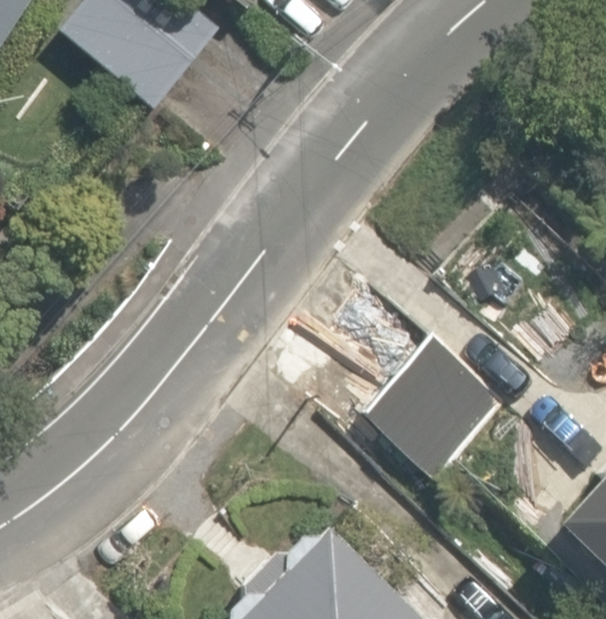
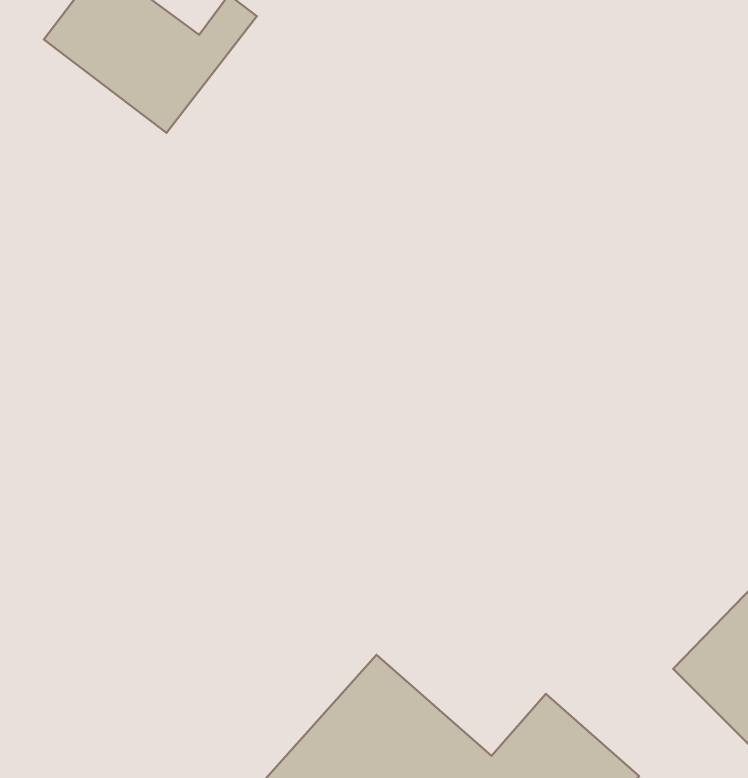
building: [359,332,512,485] -> none

